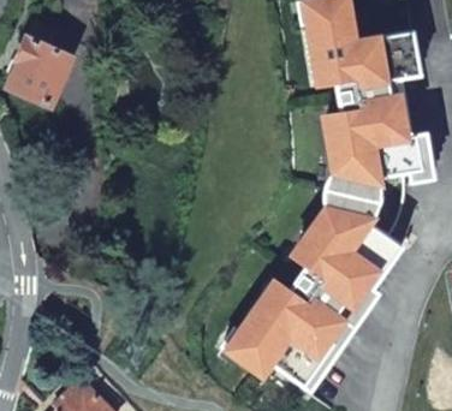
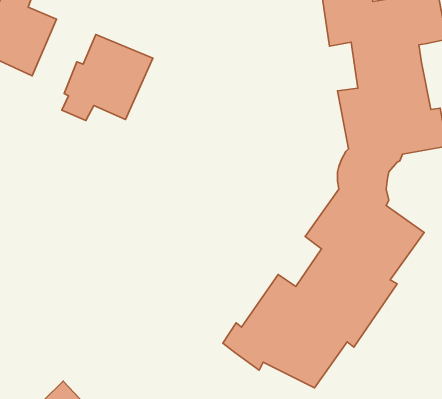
building: none -> [62,35,153,121]

